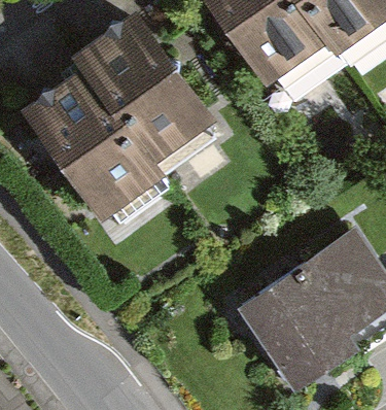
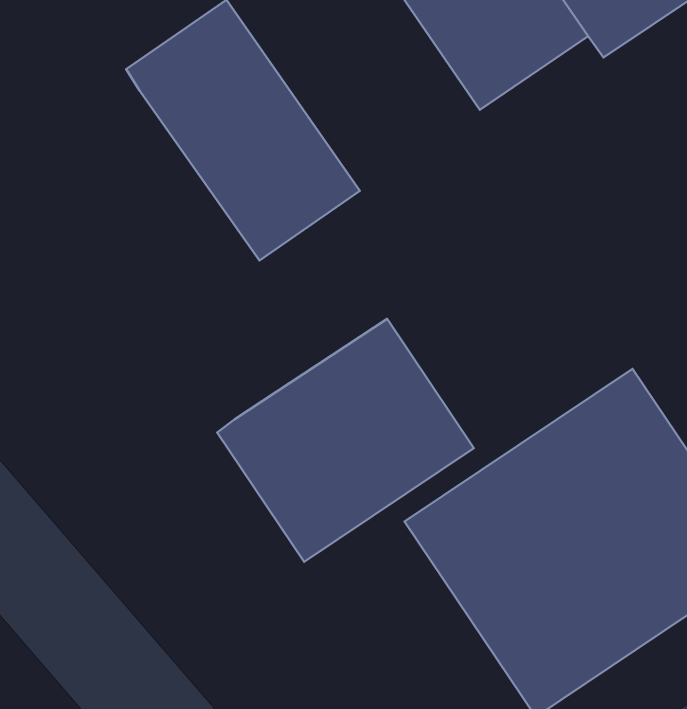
building: [30,69,162,214] -> none
building: none -> [217,319,474,562]

